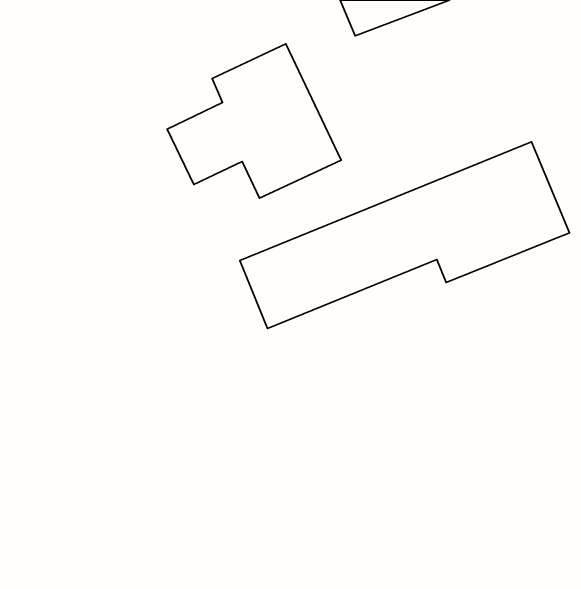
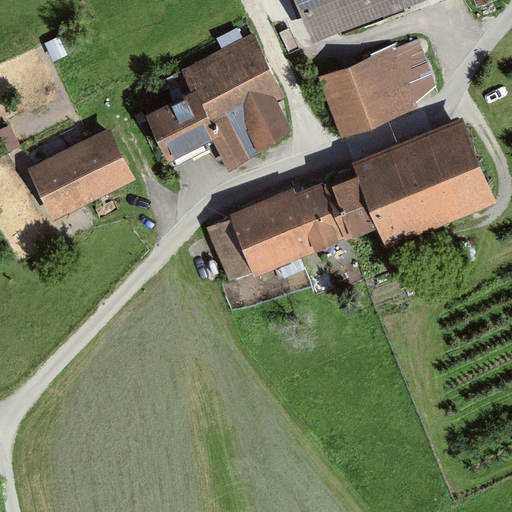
building: none -> [316,39,437,132]
building: none -> [30,130,131,216]

